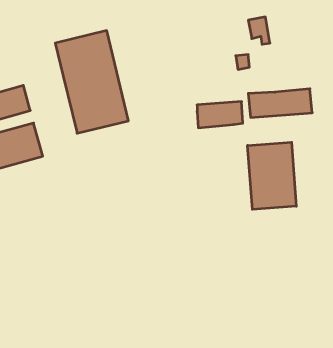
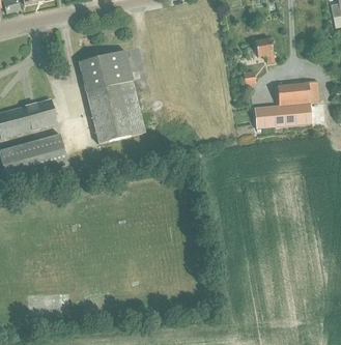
building: [197,102,243,128] -> [277,81,318,105]
building: [248,142,296,209] -> none

